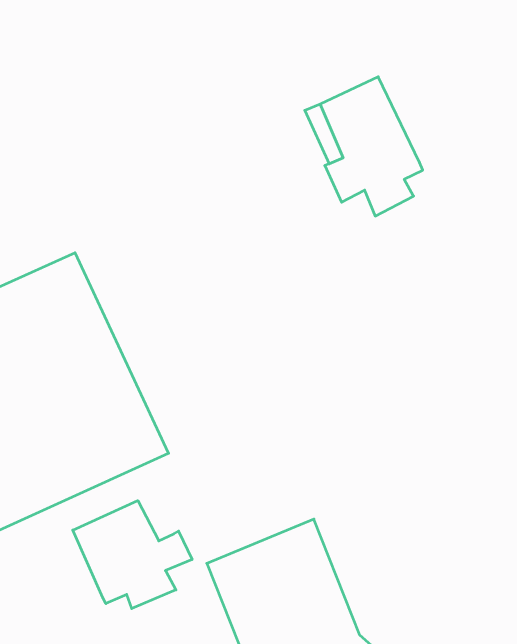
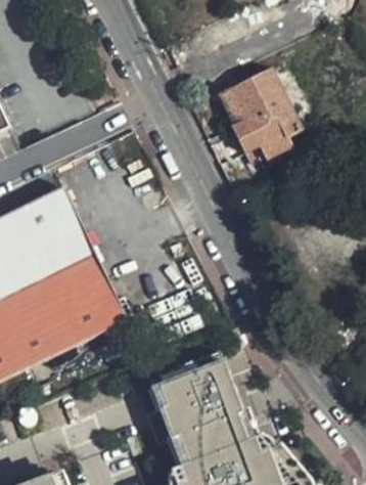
building: [73,501,192,609] -> none

